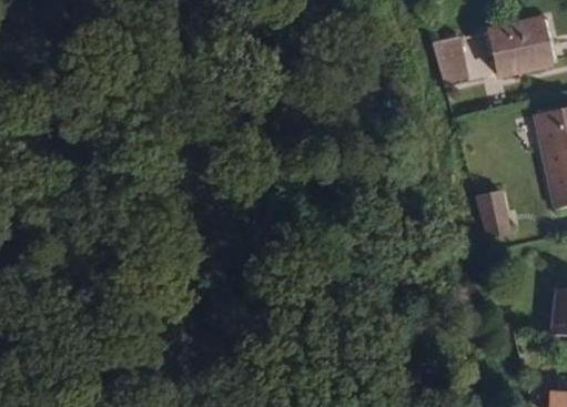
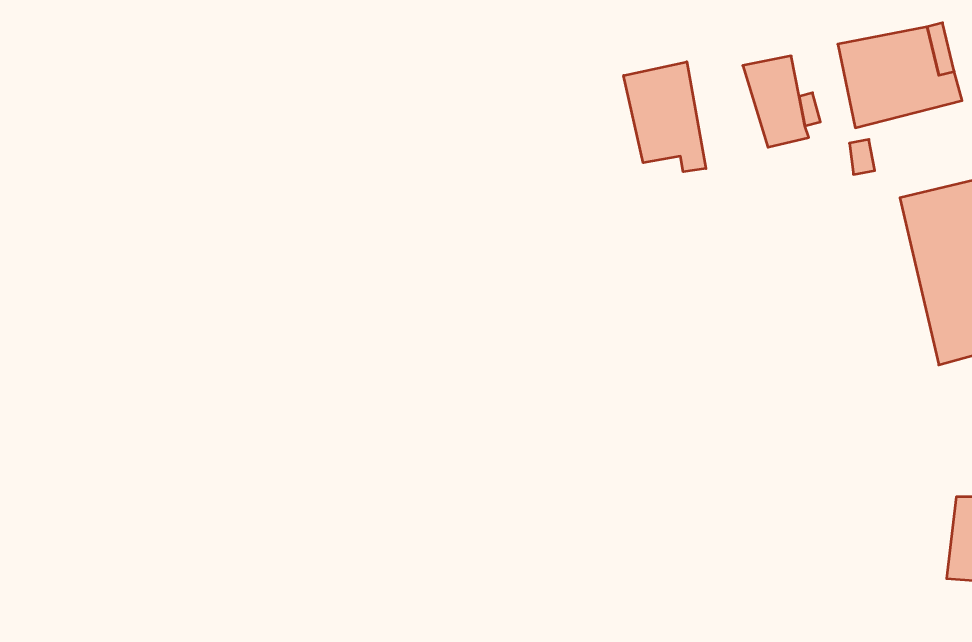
building: none -> [624,62,706,172]
building: [477,187,510,237] -> none

